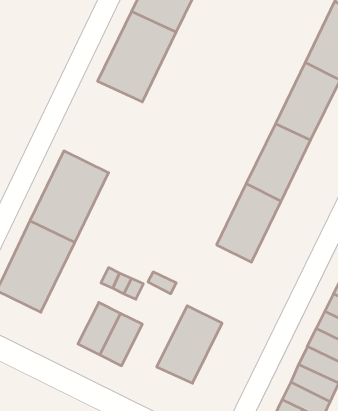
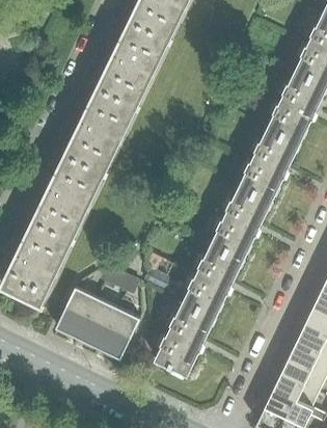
building: none -> [64,86,139,173]
building: none -> [182,242,243,317]
building: none -> [57,287,98,337]

